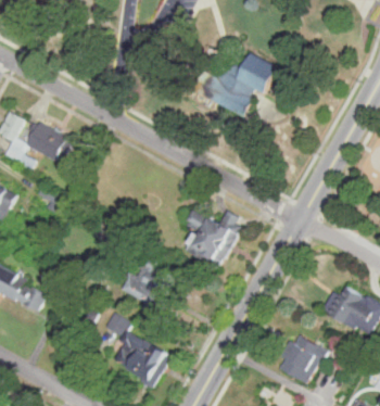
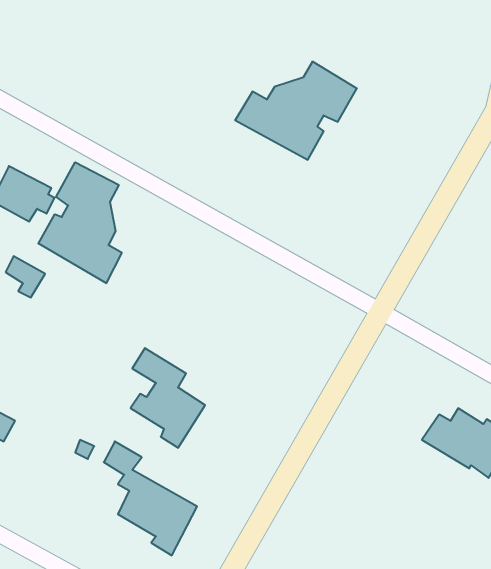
building: none -> [38,162,122,283]
building: [185,211,242,270] -> none
building: [280,337,329,385] -> none

